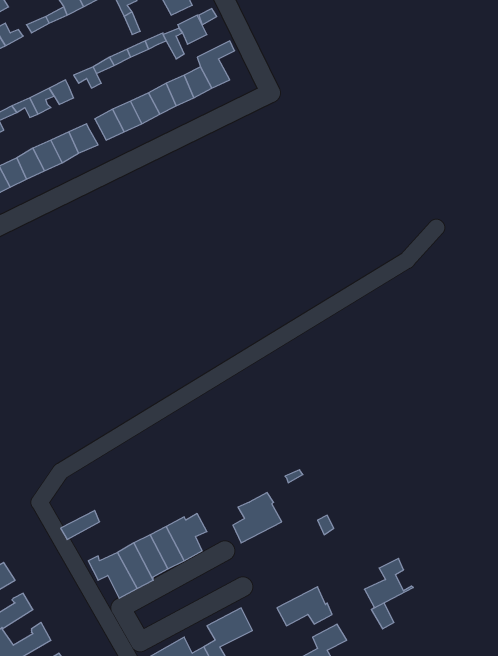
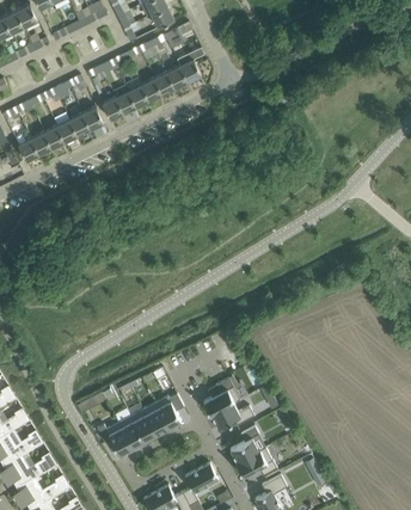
building: none -> [209,401,253,429]
building: [364,558,413,609] -> [229,428,265,465]

